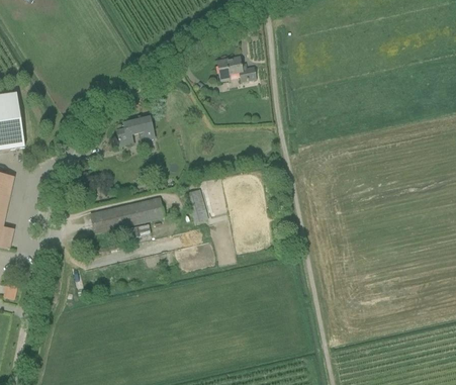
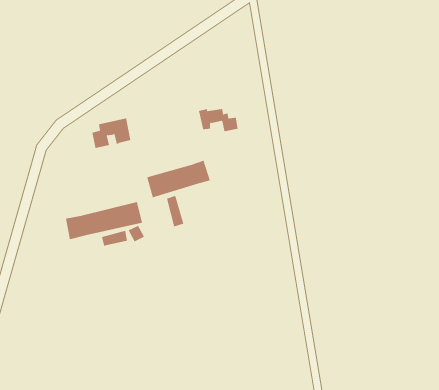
building: [217,59,256,81] -> [198,109,239,132]
building: none -> [146,160,211,198]

